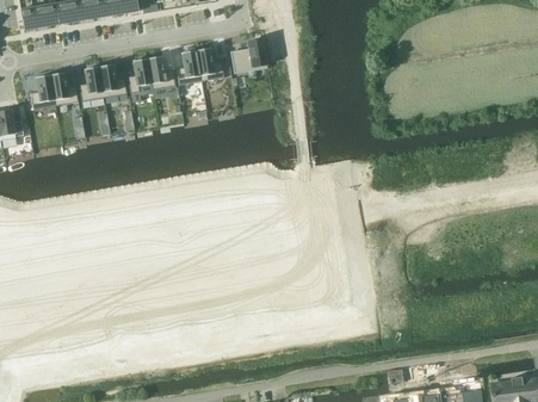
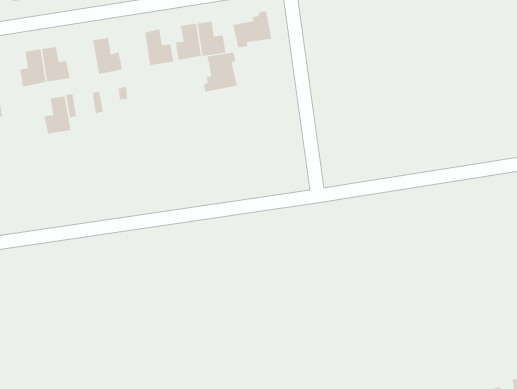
building: [126,57,150,92] -> none
building: [78,64,104,100] -> [44,96,72,134]
building: none -> [203,52,237,92]

